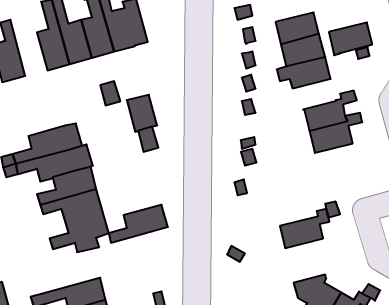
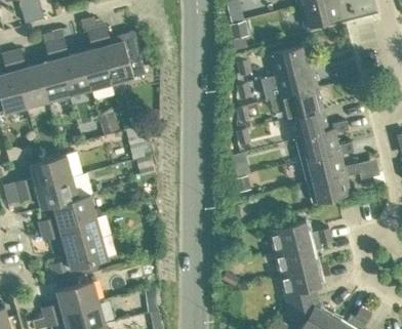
building: none -> [12,50,48,107]
building: [329,22,372,55] -> [286,110,328,141]
building: none -> [308,164,359,204]
building: none -> [268,220,311,252]
building: [109,205,168,243] -> [42,281,99,318]
building: none -> [279,264,321,307]

